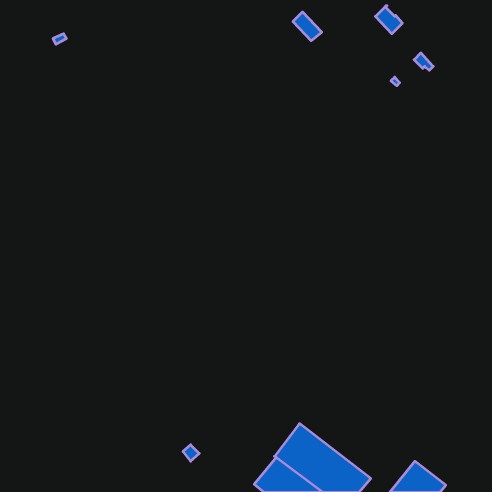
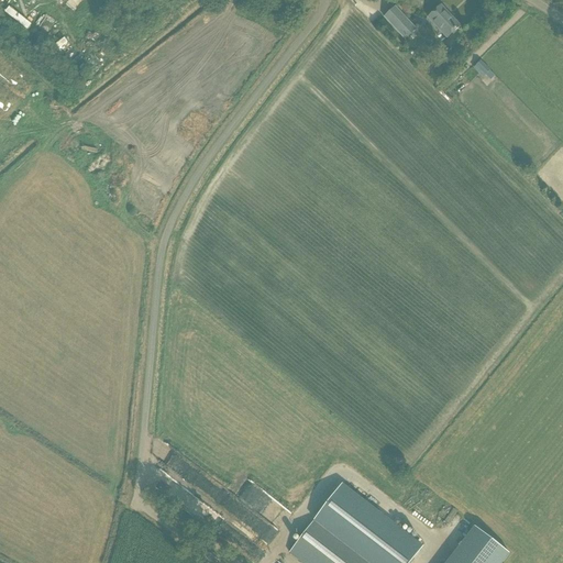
building: [293,12,322,41] -> [384,7,417,40]

